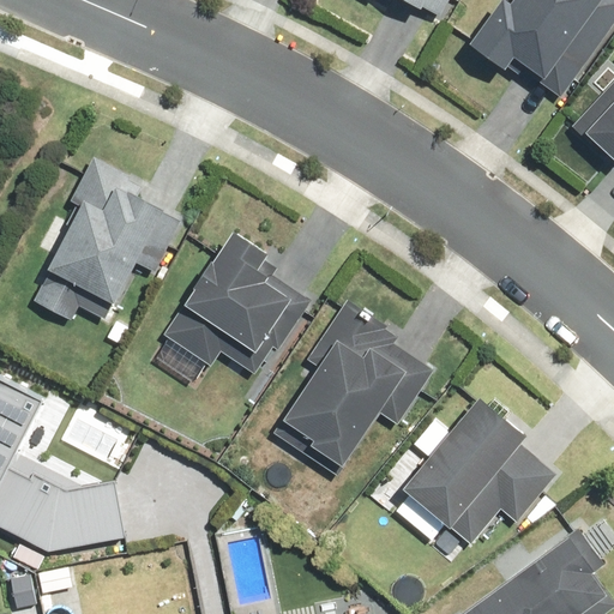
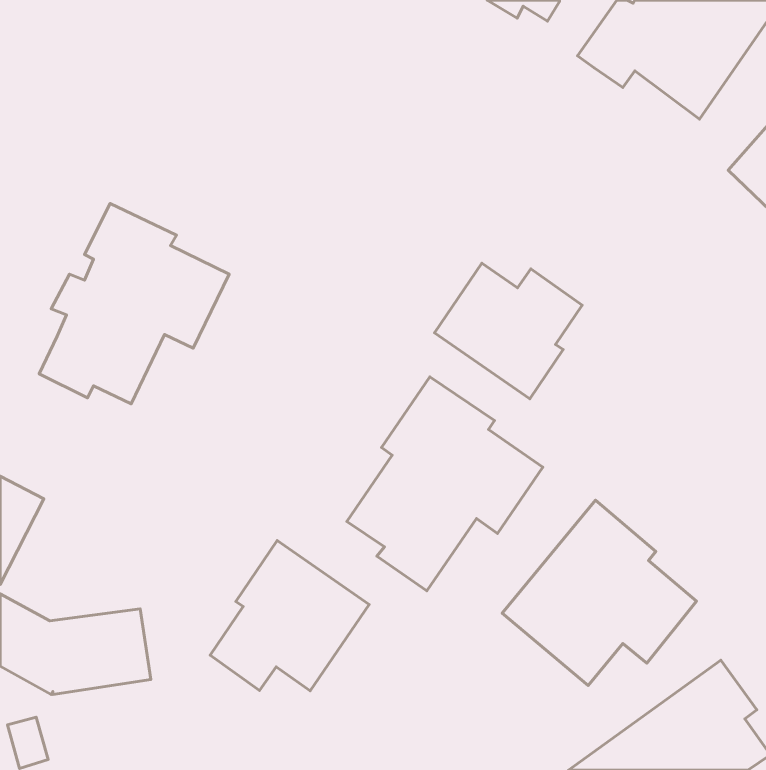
building: none -> [434,263,582,399]
building: [157,233,312,387] -> none
building: none -> [210,540,369,691]

